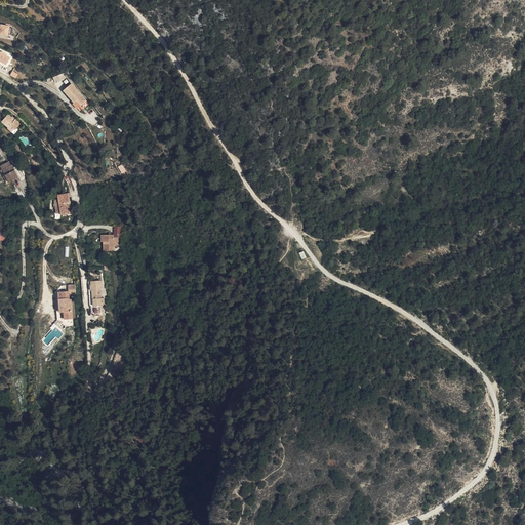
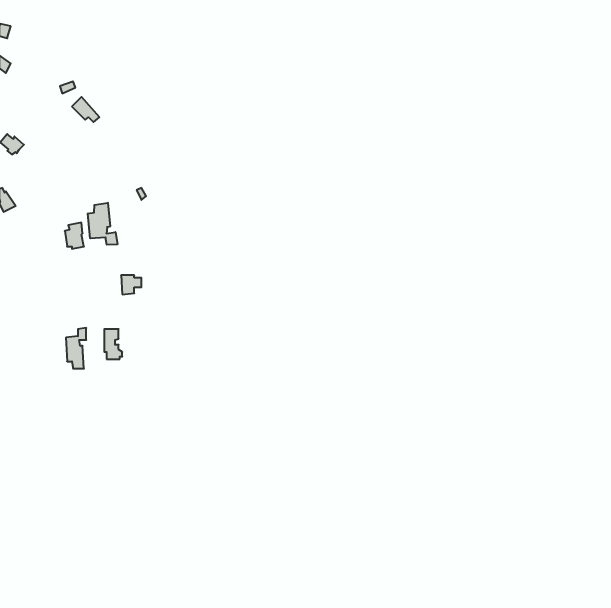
building: none -> [88,203,117,245]

